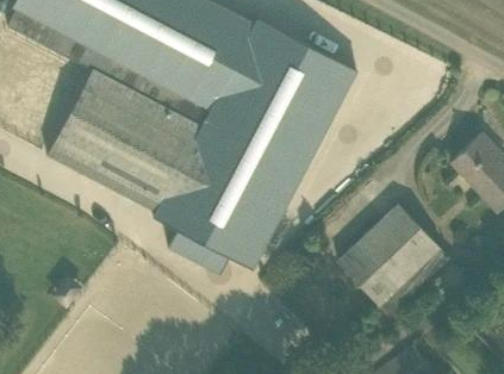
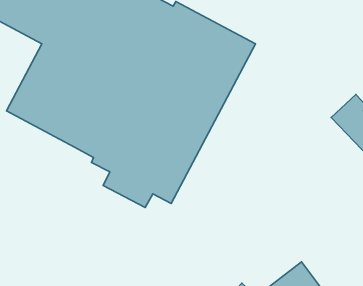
building: [337,204,449,314] -> none

